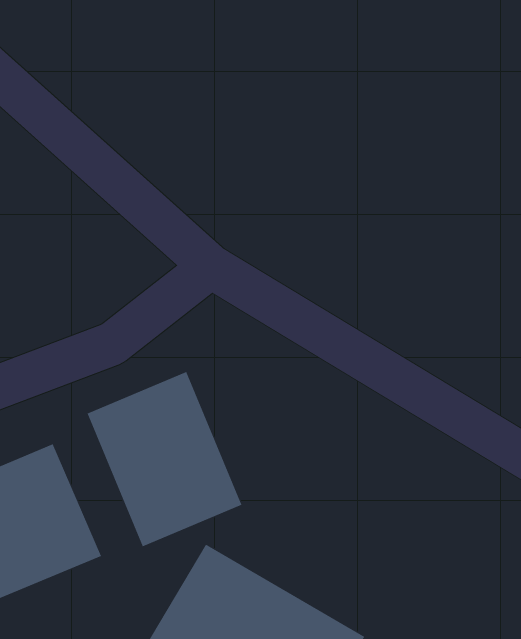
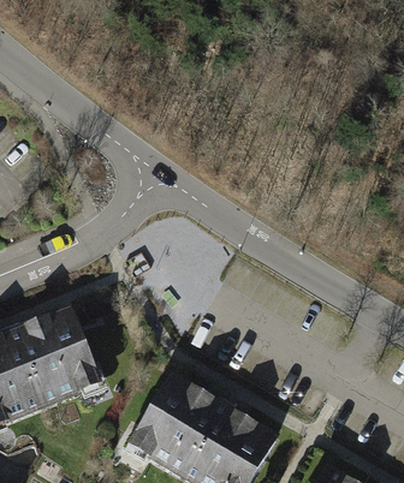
building: [87,371,242,547] -> none

